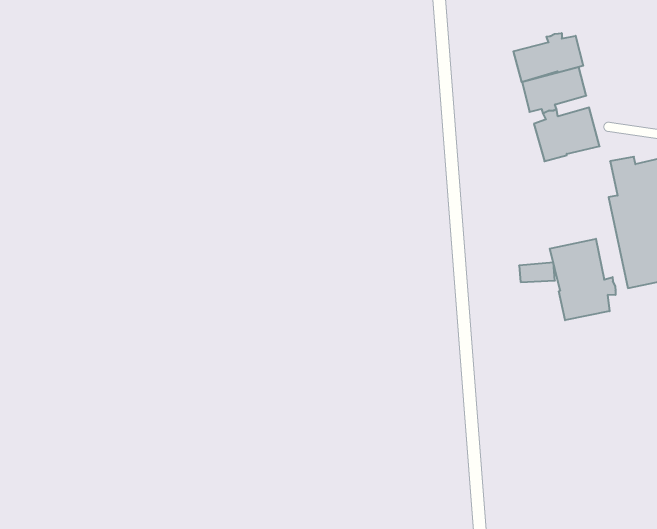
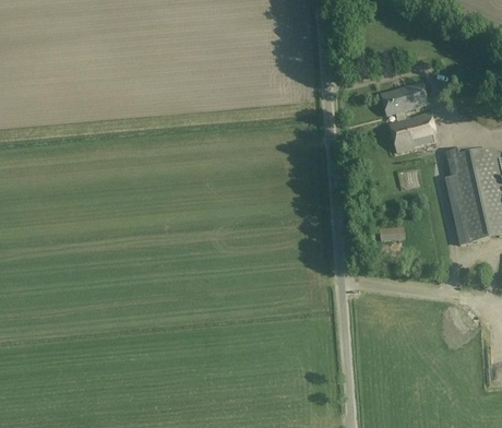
building: [513,33,583,82] -> none
building: [550,239,615,320] -> none

